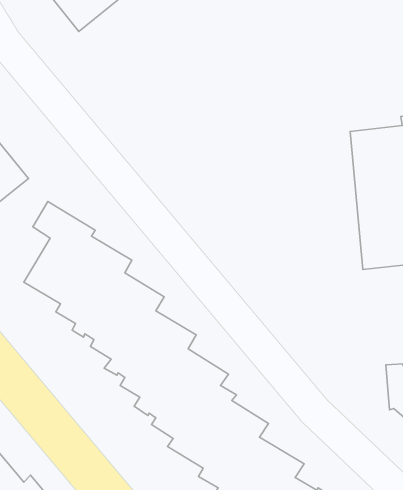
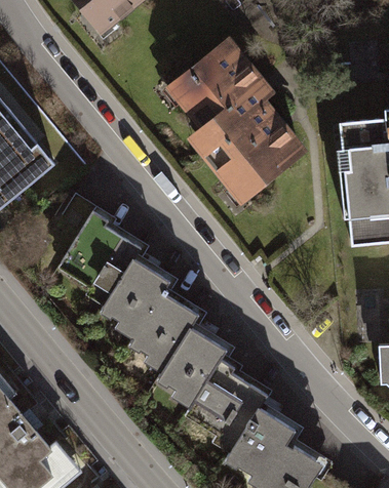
building: none -> [163,35,309,206]

